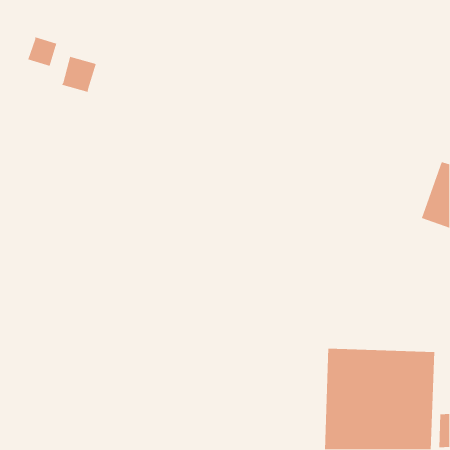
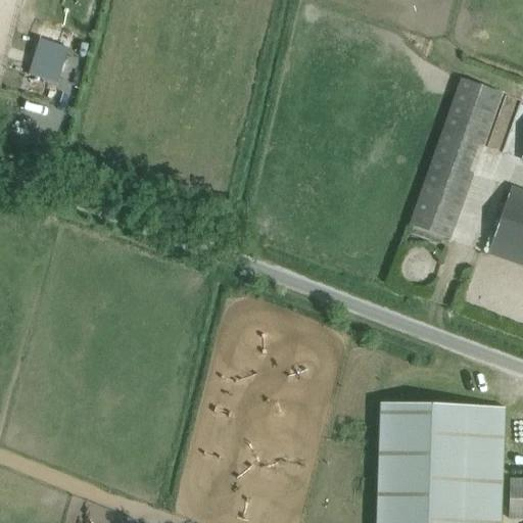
building: [61,56,97,93] -> none
building: none -> [409,80,502,240]

